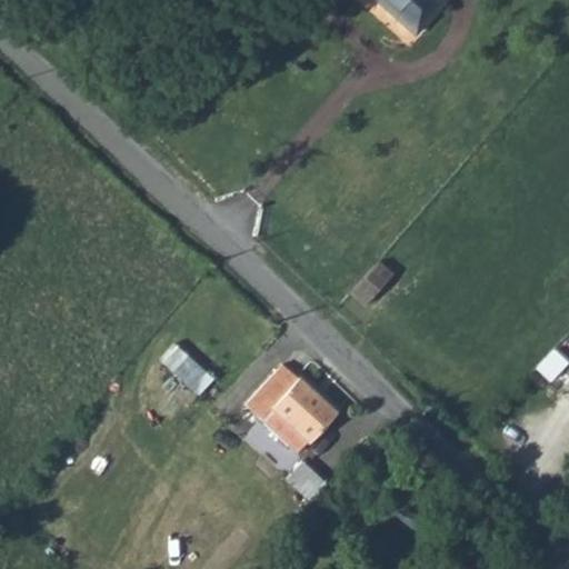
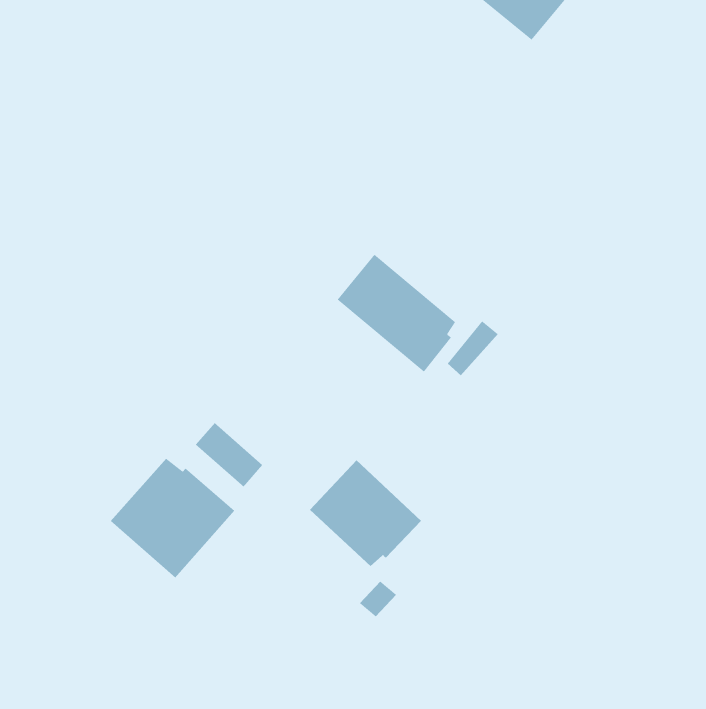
building: none -> [337,254,456,372]
building: none -> [110,458,235,578]

